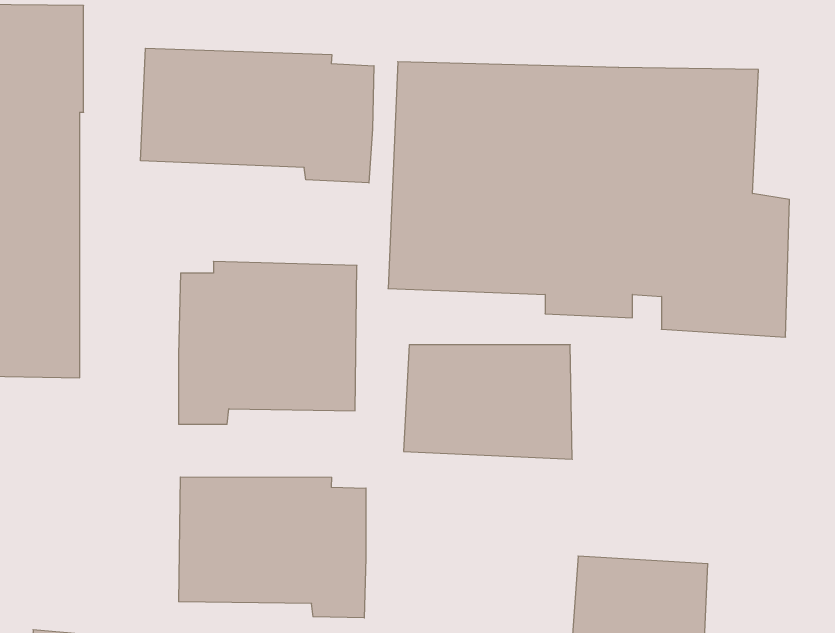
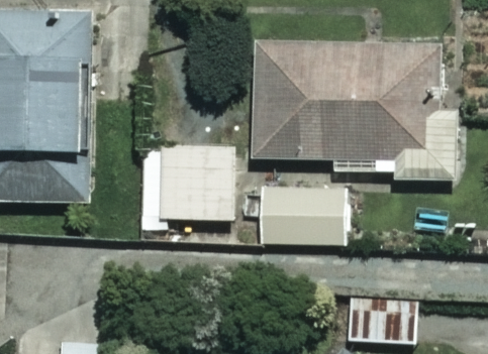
building: [141,48,374,183] -> none
building: [179,477,366,618] -> none

